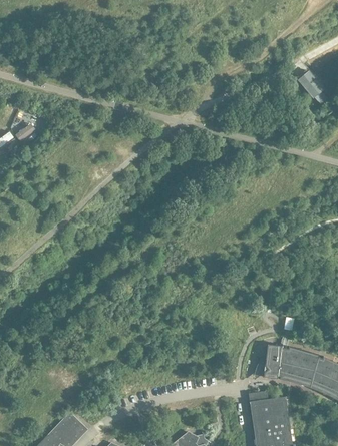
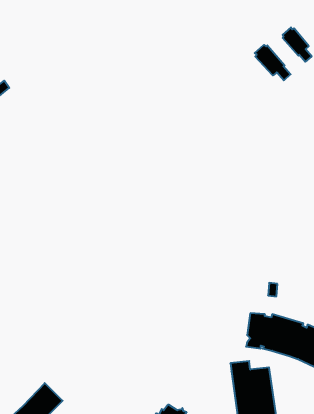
building: none -> [255,45,291,80]

